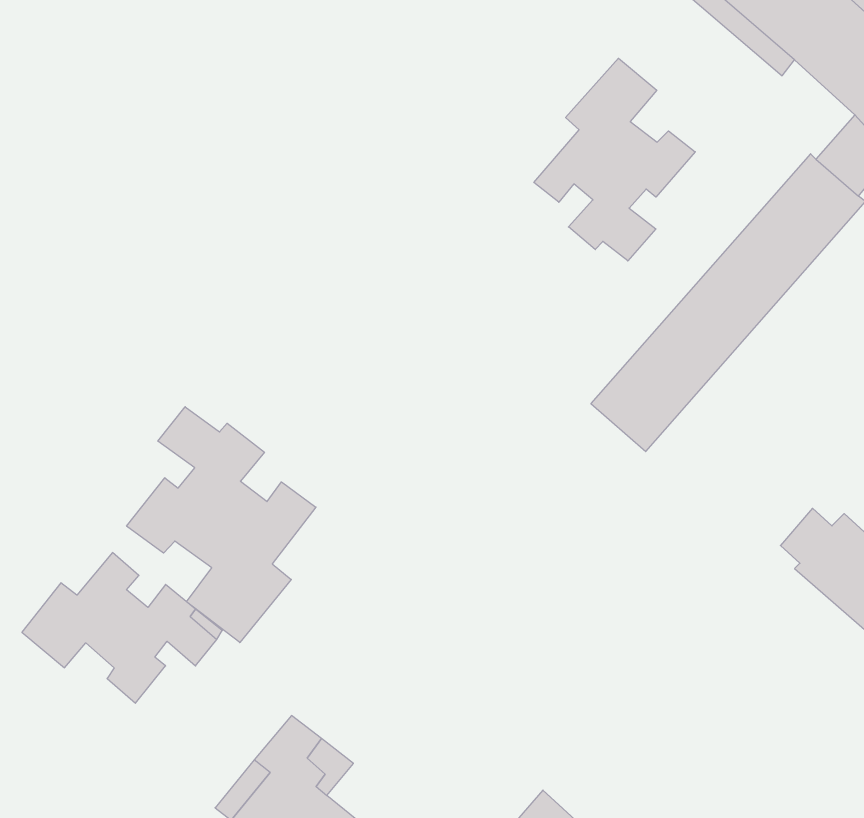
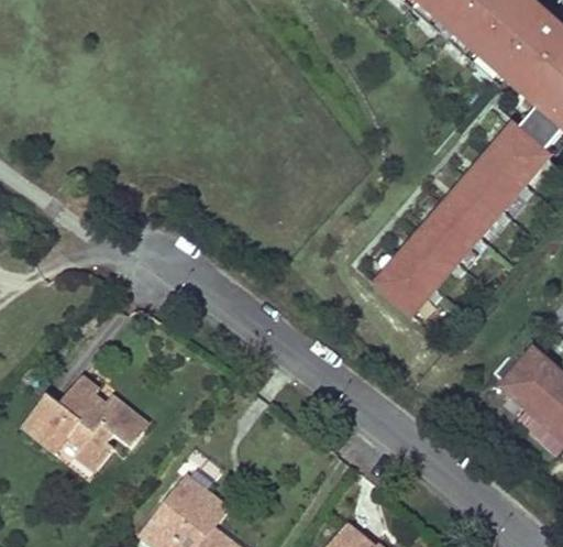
building: [534,58,695,261] -> none
building: [127,407,316,643] -> none

